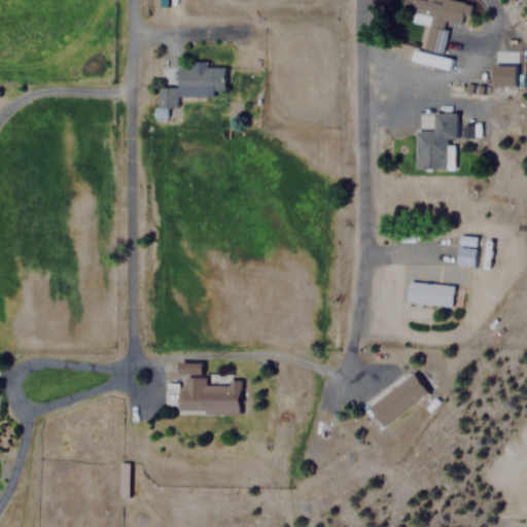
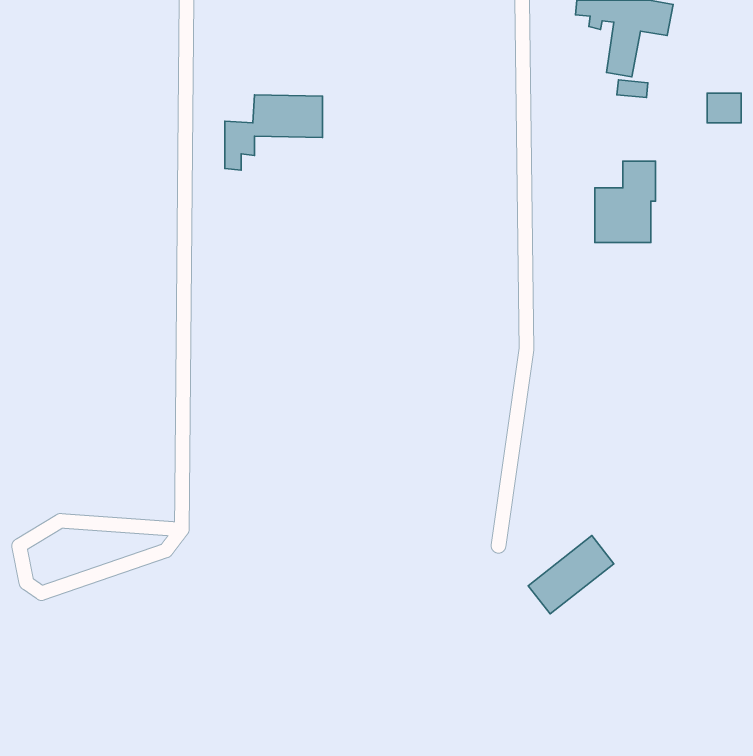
building: [458,235,478,267] -> none
building: [408,281,455,307] -> none
building: [181,376,240,413] -> none

